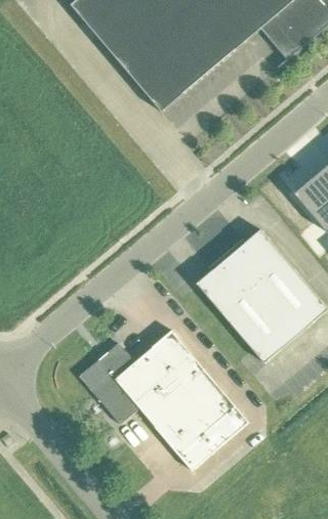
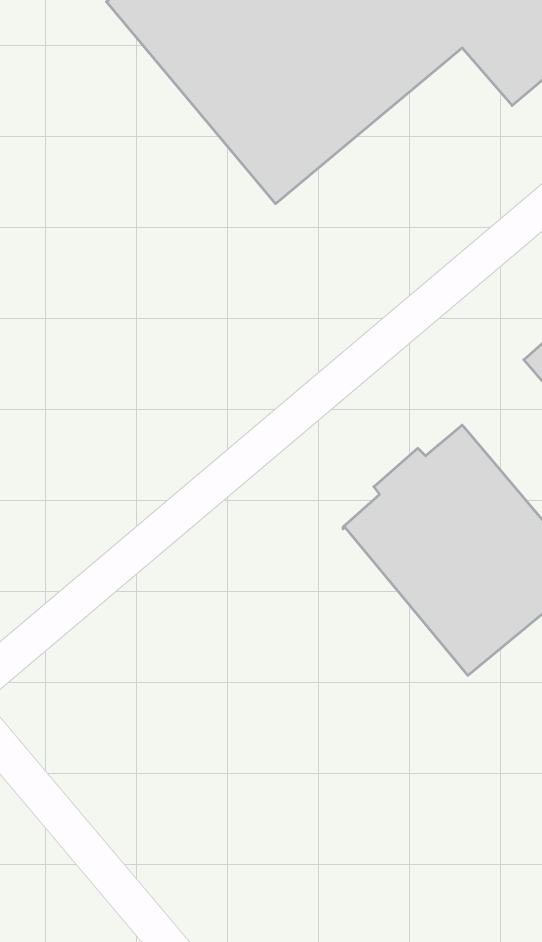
building: [79,329,248,469] -> none

